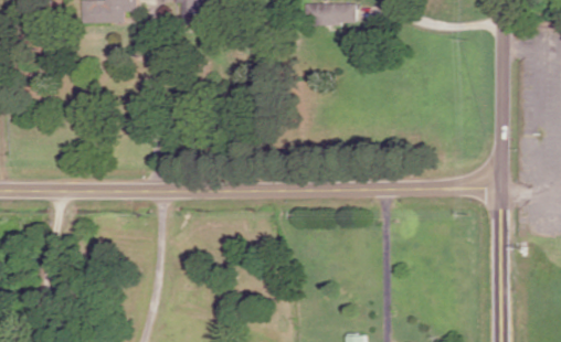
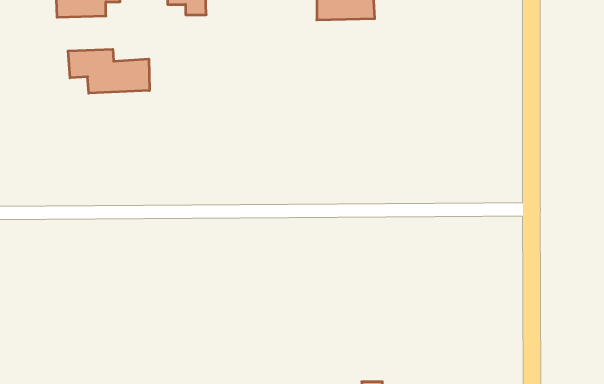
building: none -> [68,49,149,93]

